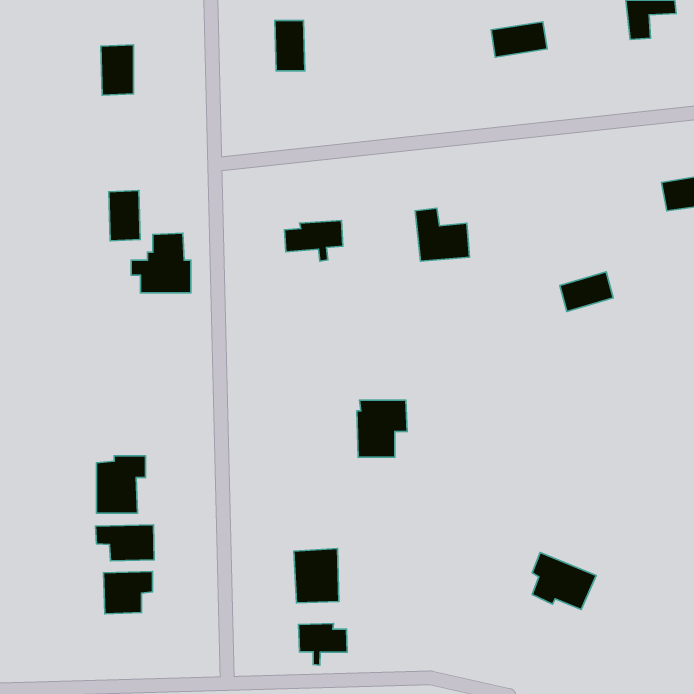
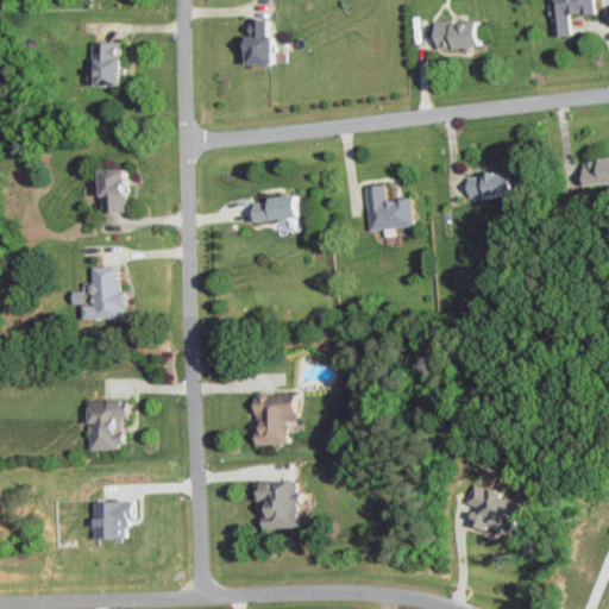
building: [131,233,191,293] -> [71,266,124,319]
building: [560,272,613,311] -> [465,169,511,203]
building: [357,400,407,457] -> [253,394,297,444]
building: [95,525,154,561] -> none
building: [298,623,347,665] -> none

